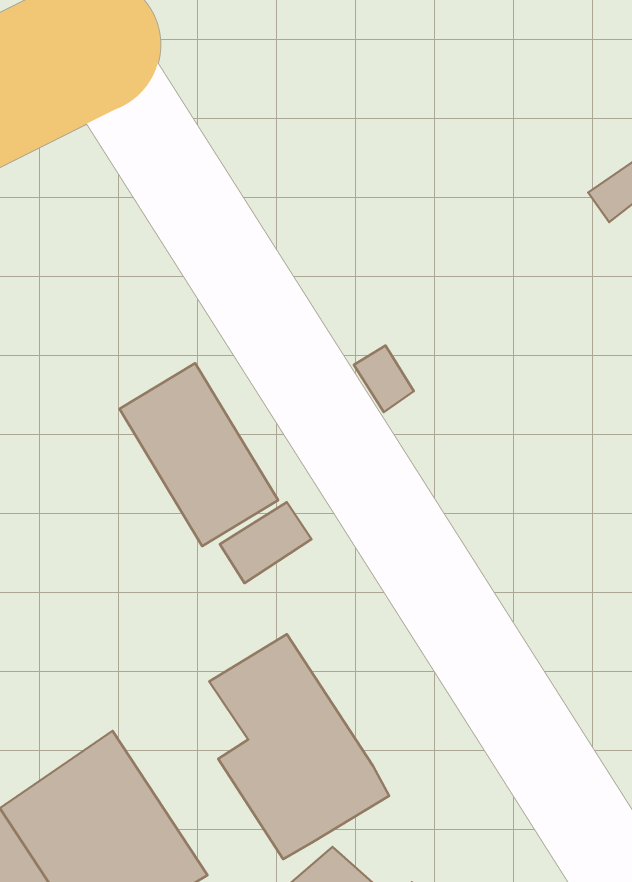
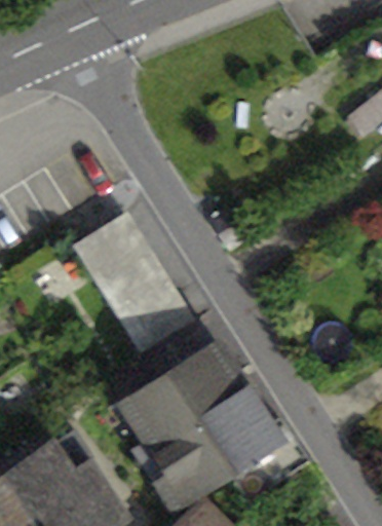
building: none -> [170,348,307,504]

